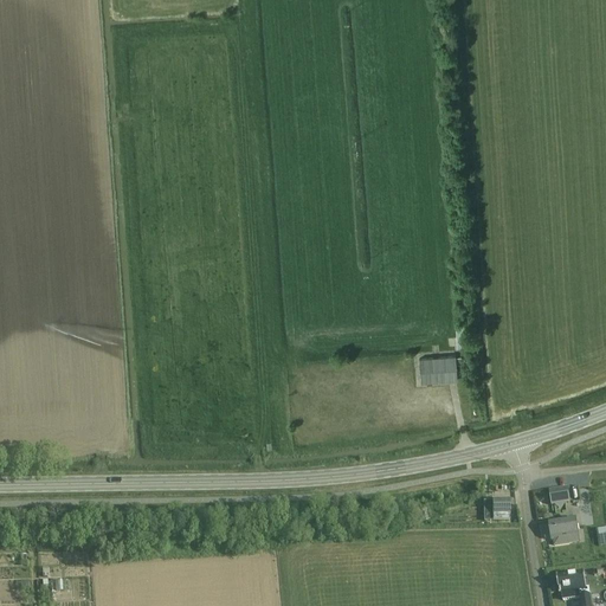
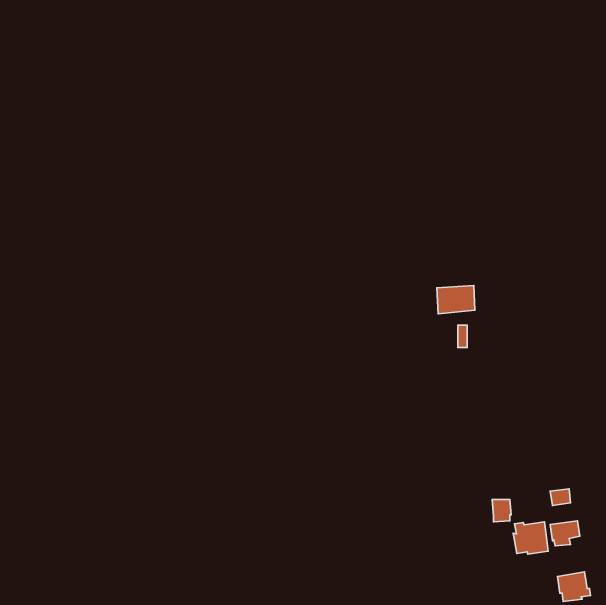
building: [419,355,457,383] -> [437,285,475,314]
building: none -> [513,522,548,554]

